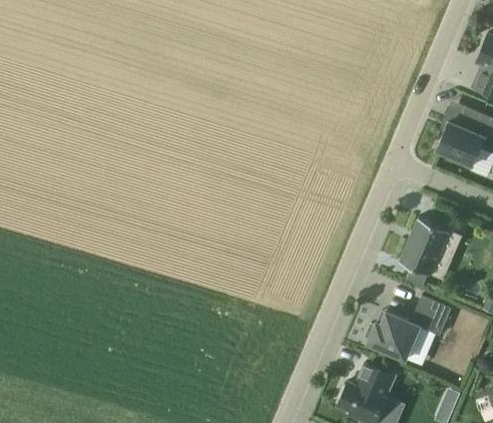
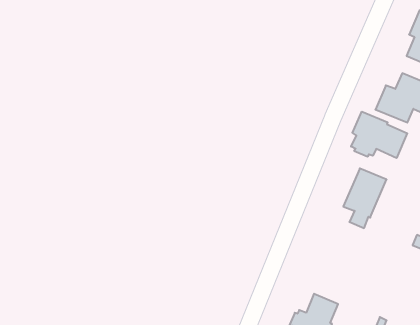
building: none -> [351,112,407,158]
building: [366,297,452,360] -> none

